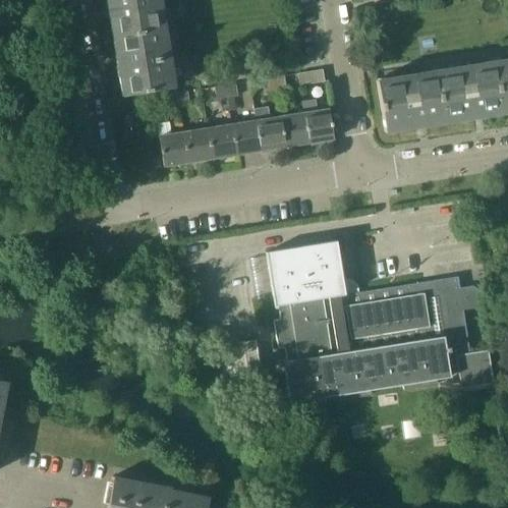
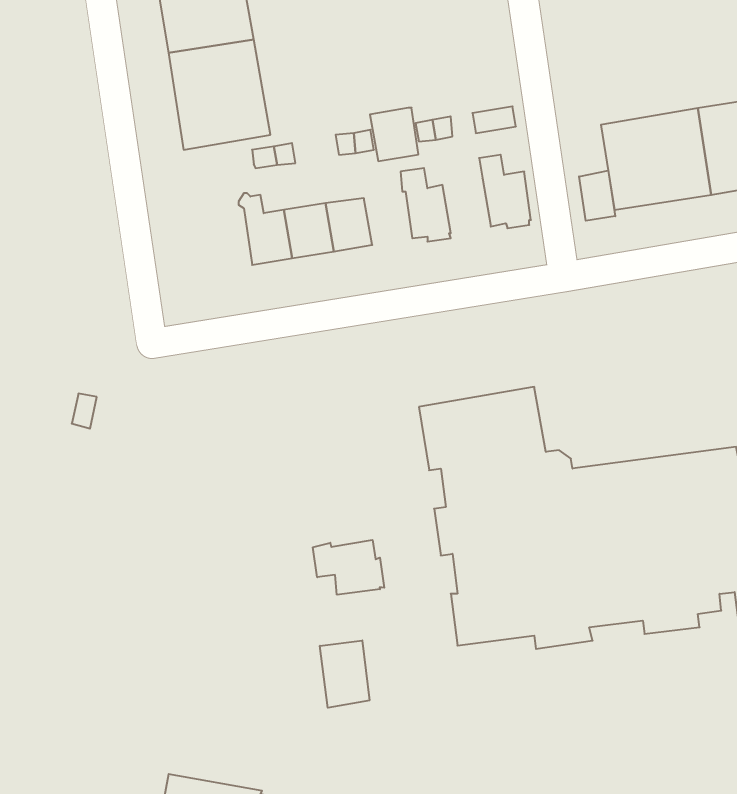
building: none -> [579,170,615,221]
building: [281,113,311,147] -> none
building: [233,121,263,154] -> [370,108,418,161]
building: none -> [313,540,384,595]
building: none -> [320,640,369,708]

